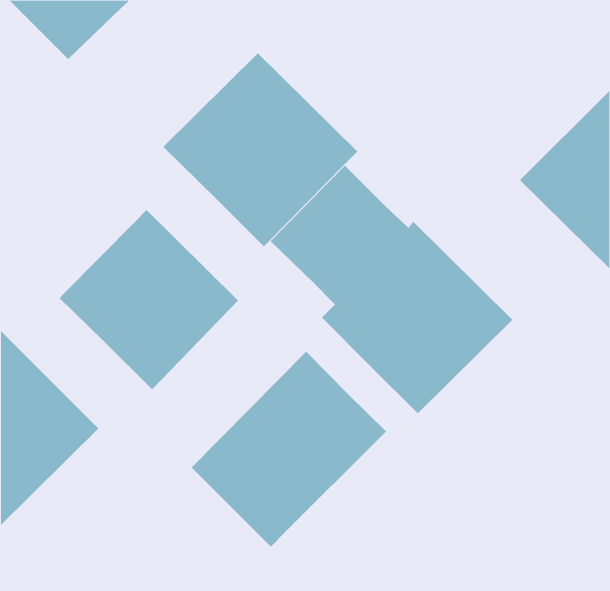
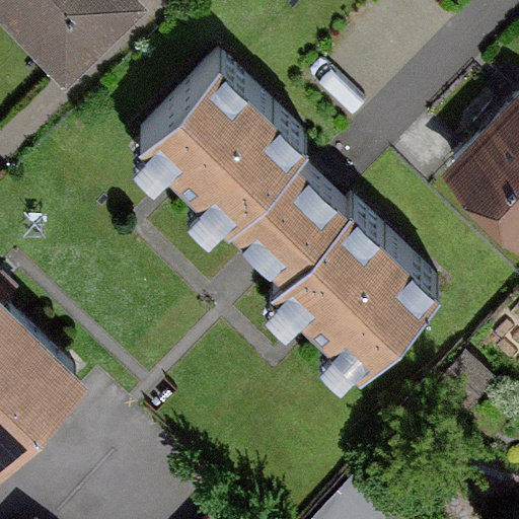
building: [59,209,239,390] -> none
building: [191,351,387,547] -> none

